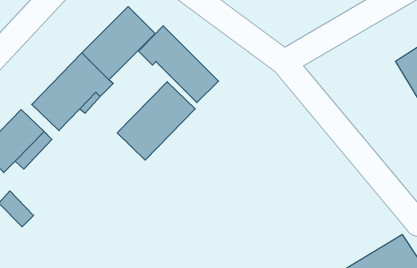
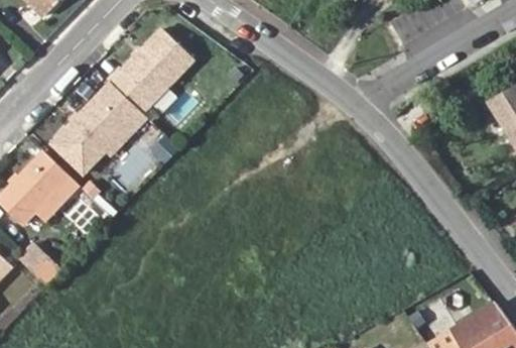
building: [138,26,219,103] -> none
building: [117,82,195,160] -> none

